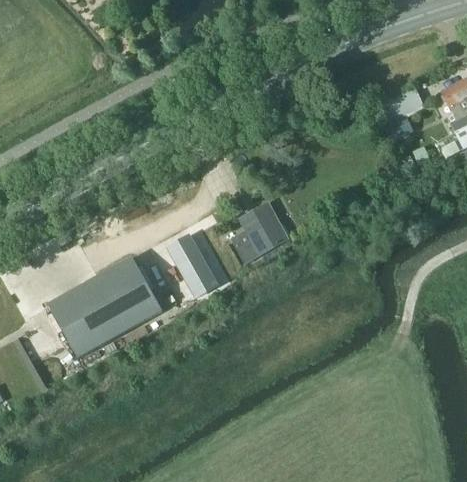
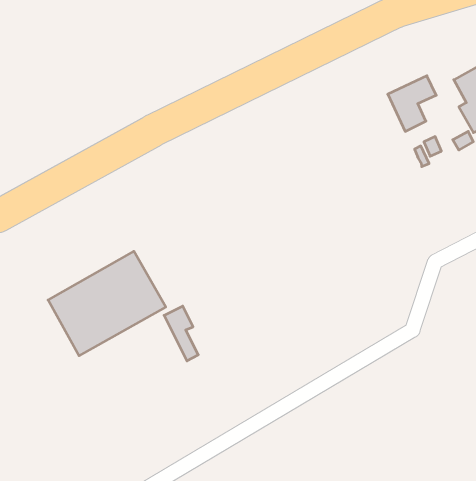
building: [231,201,289,263] -> none
building: [181,238,214,291] -> [164,306,198,361]

